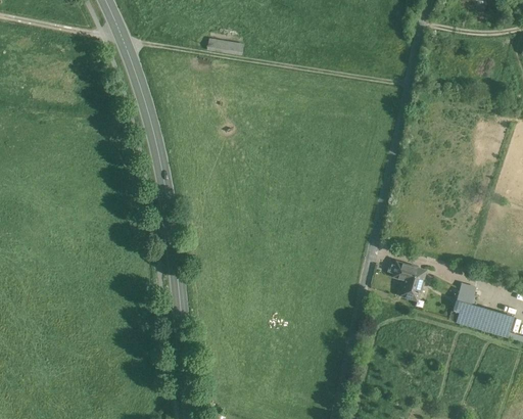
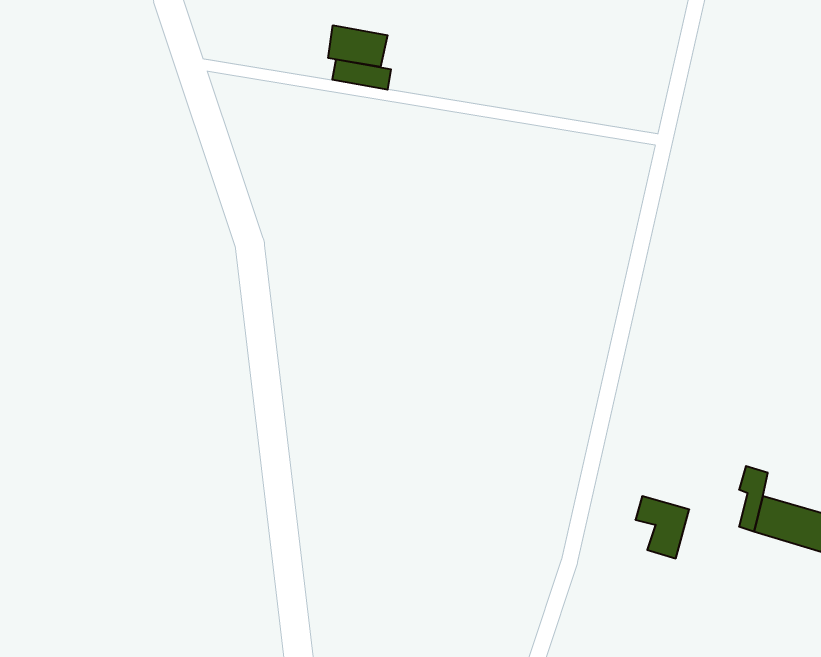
building: none -> [328,25,388,67]
building: [390,262,423,299] -> [635,496,689,558]

